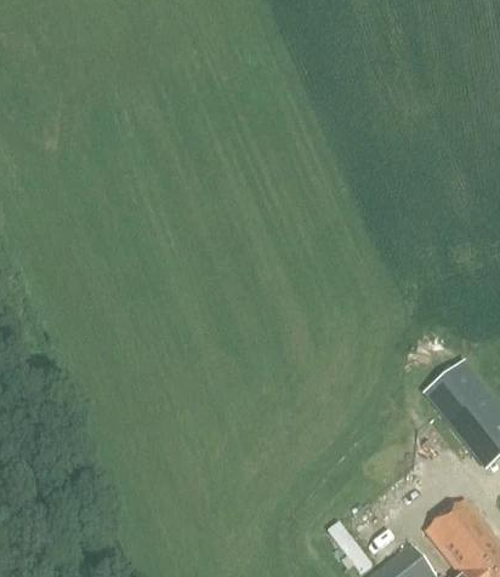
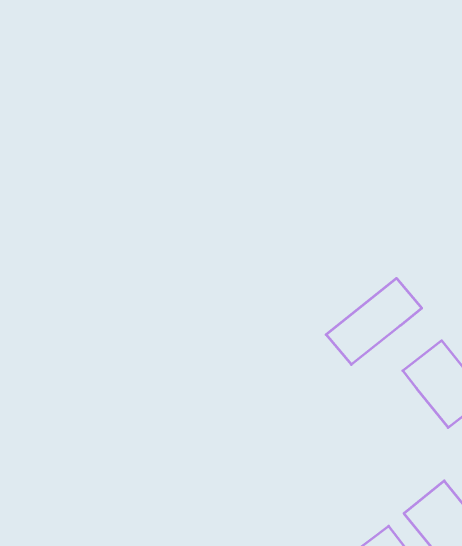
building: none -> [326,278,422,365]

